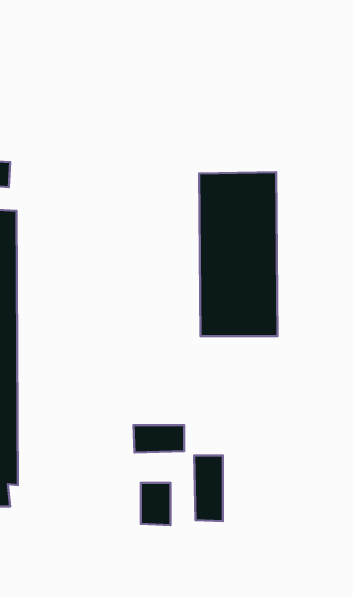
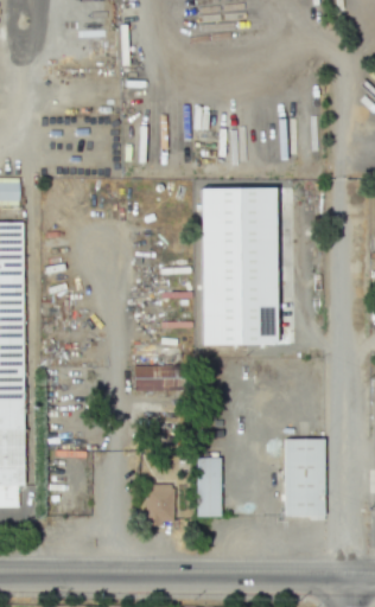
building: [133,425,184,452] -> [132,364,180,390]
building: none -> [285,439,324,519]

